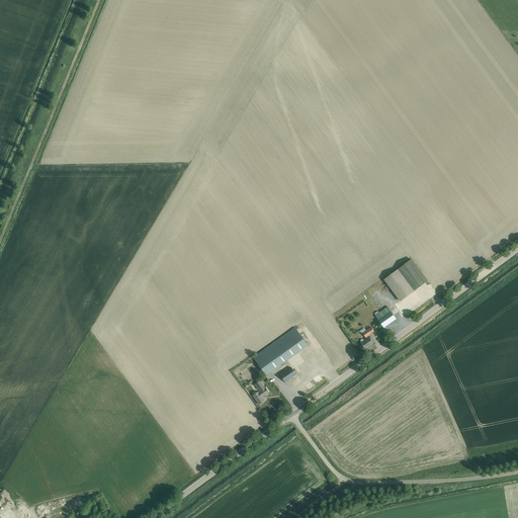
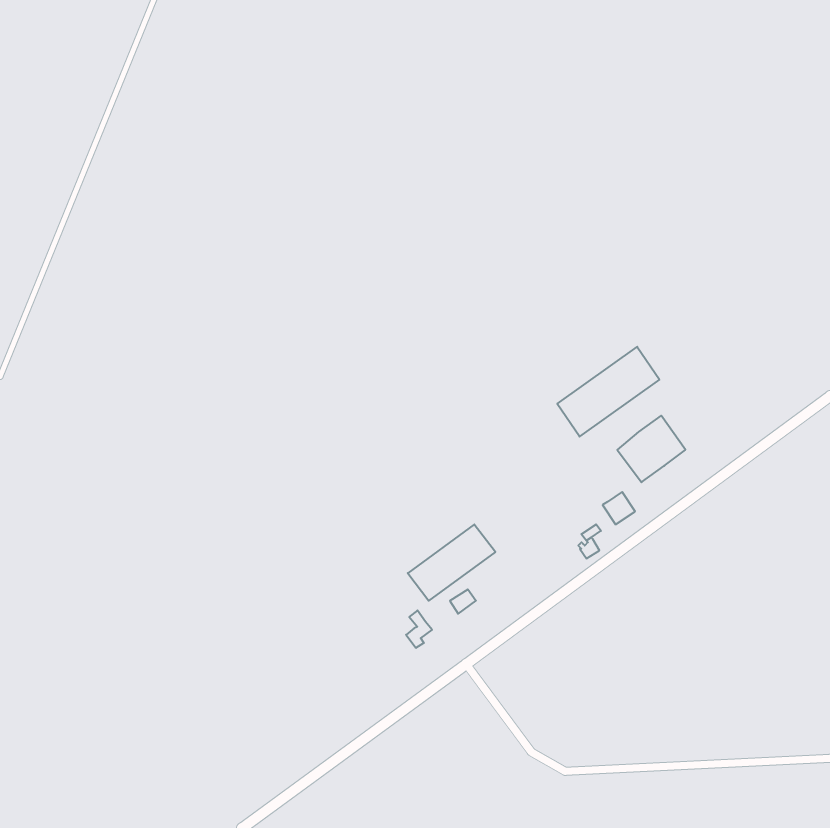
building: none -> [557,347,659,437]

